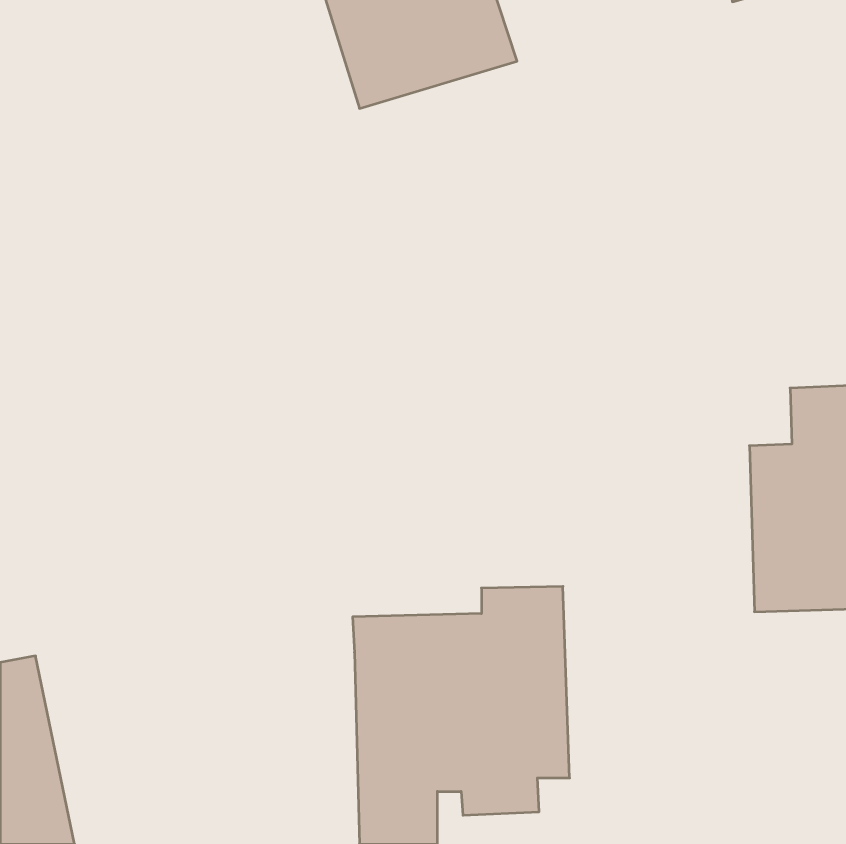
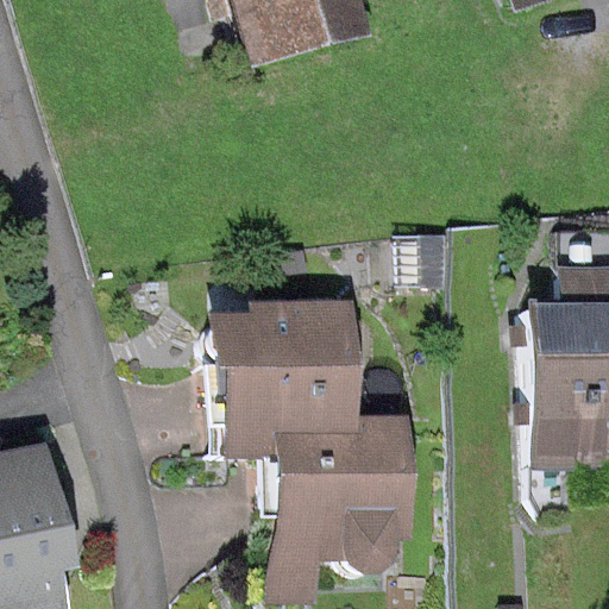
building: none -> [208,297,352,460]

